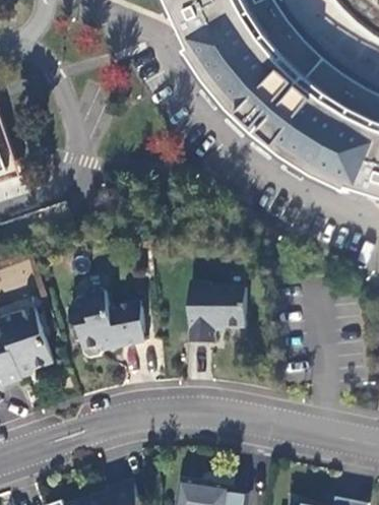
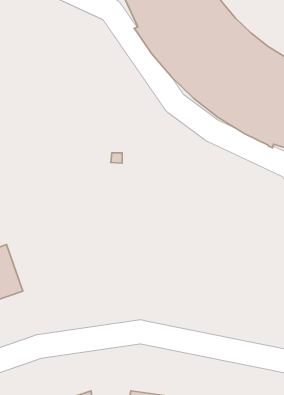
building: [188,281,244,341] -> none
building: [68,287,143,358] -> none

